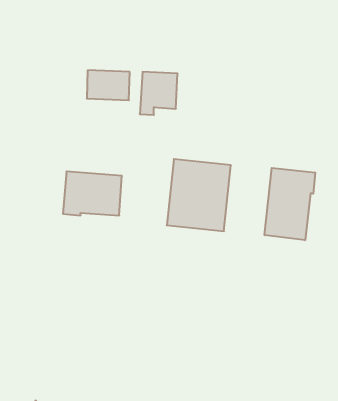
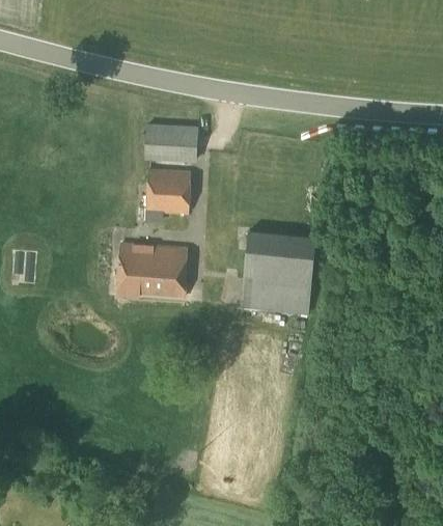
building: [140,72,178,115] -> [145,170,190,221]
building: [265,168,315,240] -> none

